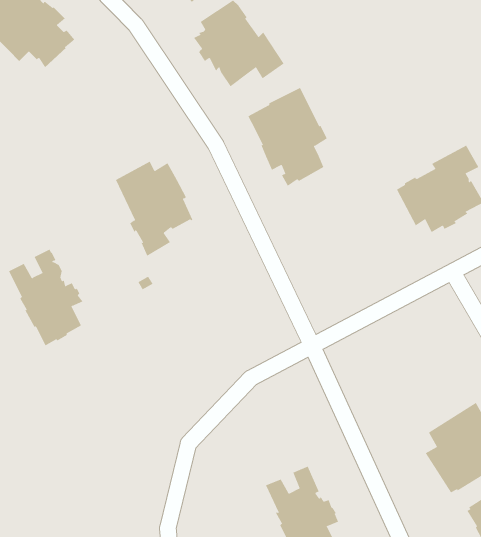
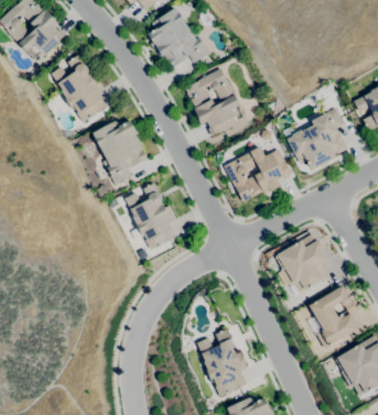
building: none -> [52,55,108,122]
building: none -> [225,146,293,201]
building: [8,249,83,346] -> [126,183,177,250]
building: none -> [276,233,330,294]

